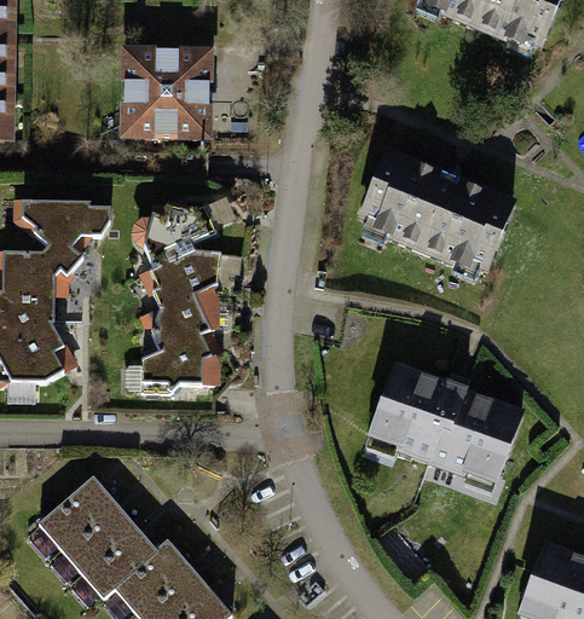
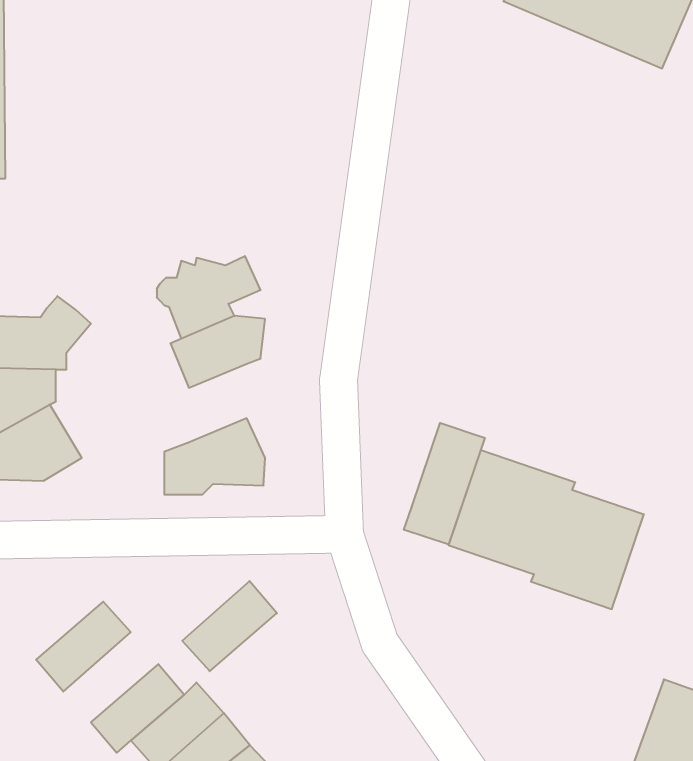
building: [123,52,210,143] -> none
building: [354,151,514,280] -> none
building: [22,201,110,247] -> none
building: [151,289,215,352] -> none
building: none -> [404,423,485,544]
building: [60,502,135,573] -> [182,581,277,671]

